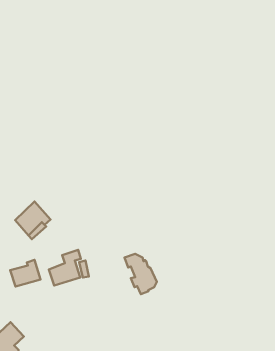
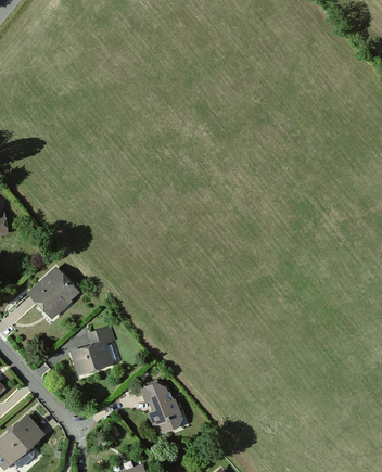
building: [125,254,157,294] -> [142,382,181,431]
building: [10,260,41,287] -> none

